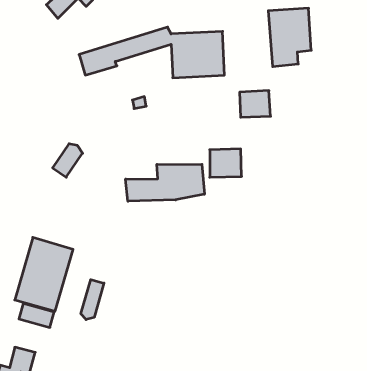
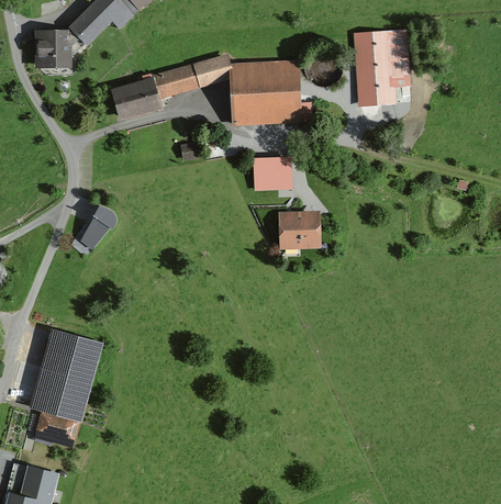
building: none -> [37,33,68,67]
building: [240,91,271,117] -> [253,156,292,190]
building: [126,164,204,201] -> none
building: [81,280,104,320] -> none

